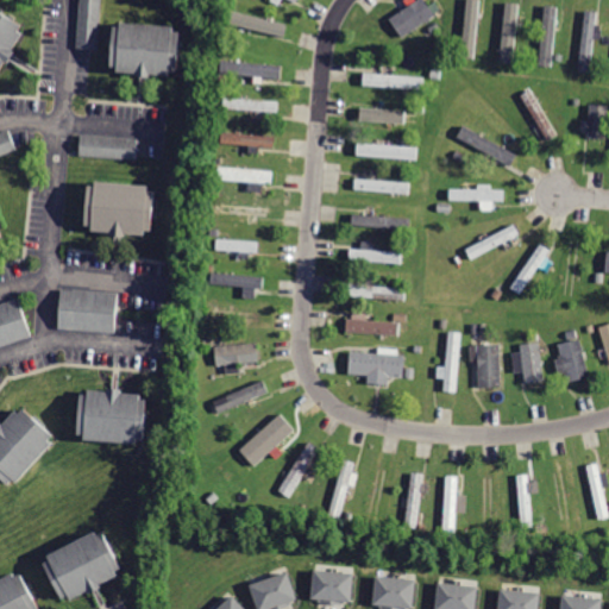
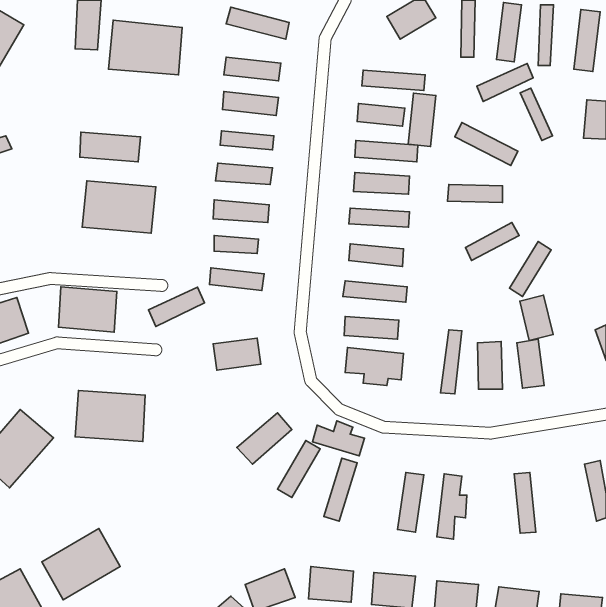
building: none -> [477,63,533,102]
building: none -> [408,93,436,146]
building: [555,340,589,385] -> [520,295,553,340]
building: [211,376,266,415] -> [149,287,204,326]
building: none -> [313,421,364,456]

